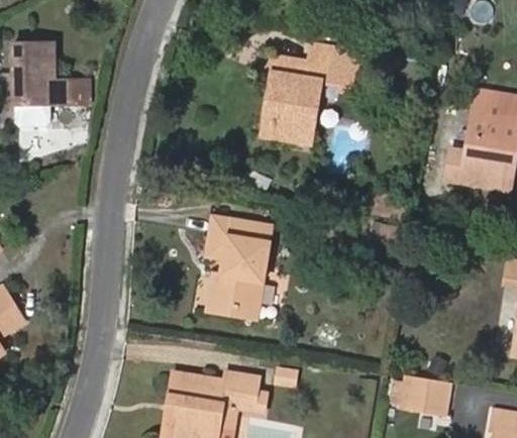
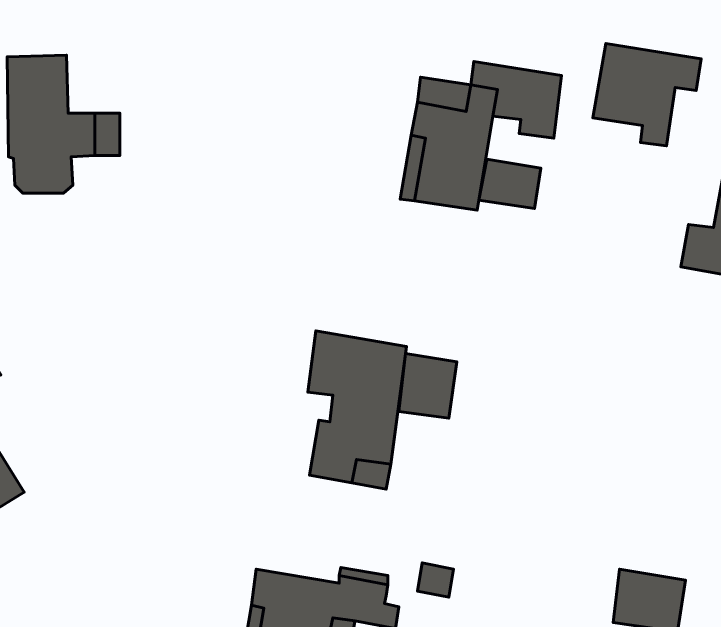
building: none -> [593,43,701,146]
building: none -> [479,159,541,208]
building: none -> [399,354,457,418]

